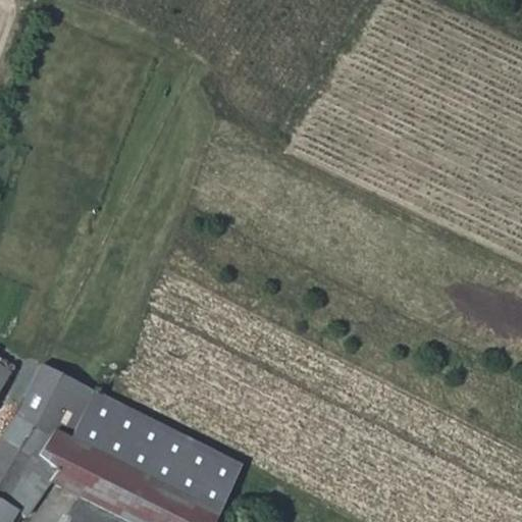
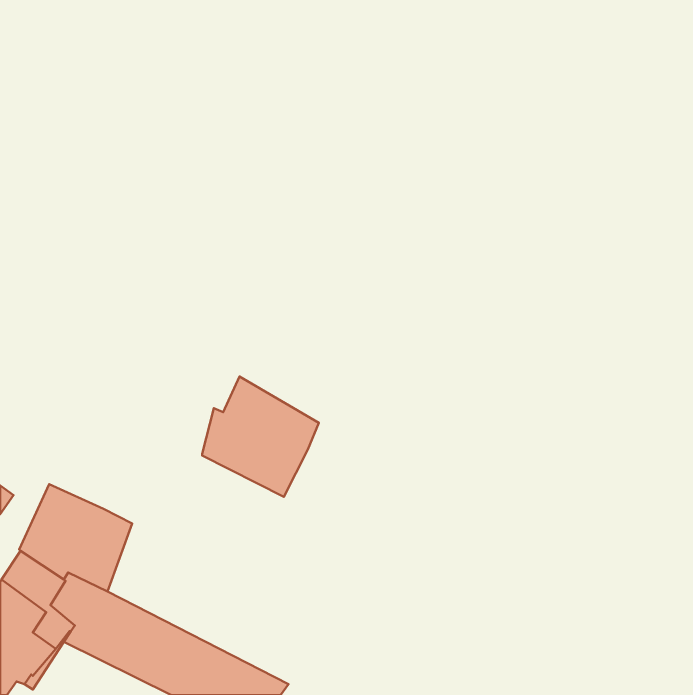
building: none -> [202,377,319,497]
building: [83,393,241,513] -> none

